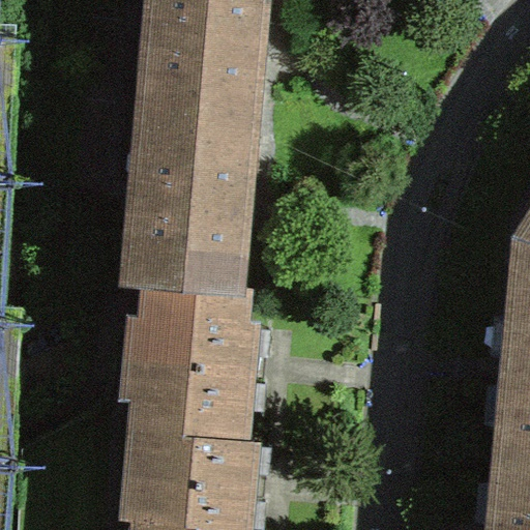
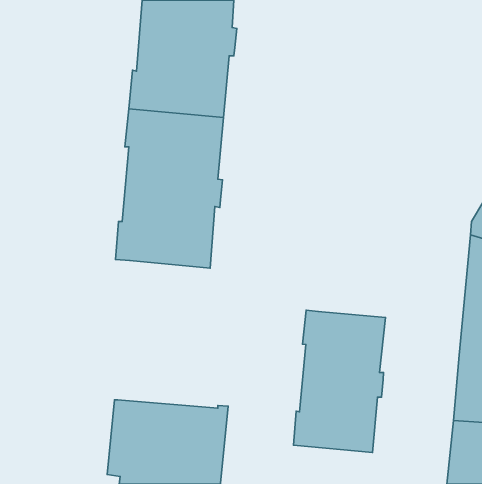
building: [119,285,252,446] -> none
building: none -> [293,310,385,453]

